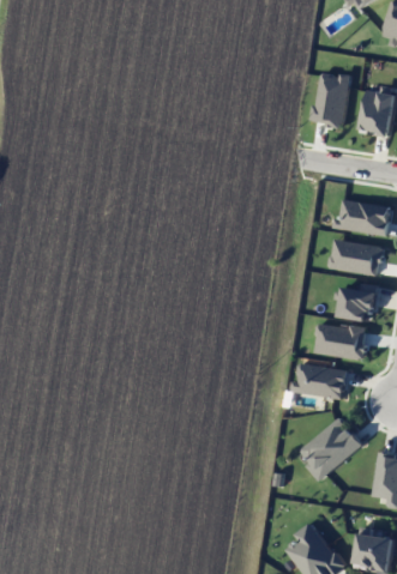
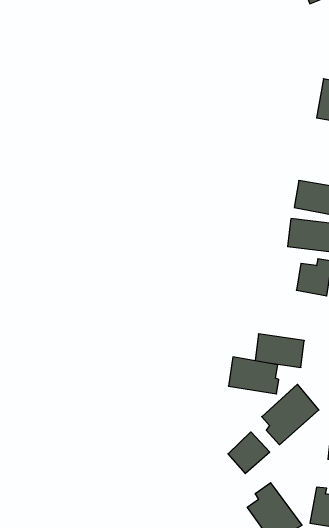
building: [313,72,350,127] -> none
building: [314,321,368,361] -> [228,357,279,394]
building: none -> [228,432,270,474]

